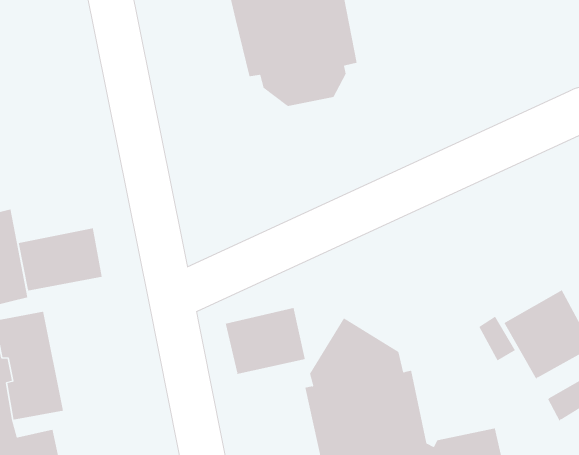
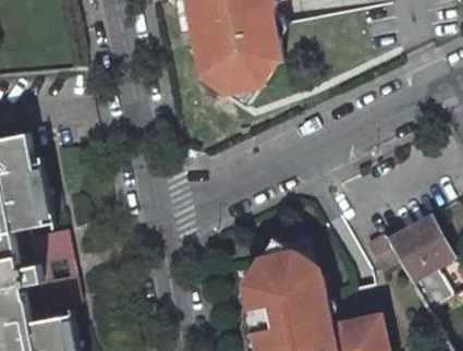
building: [18,228,103,292] -> none
building: [225,307,306,375] -> none

